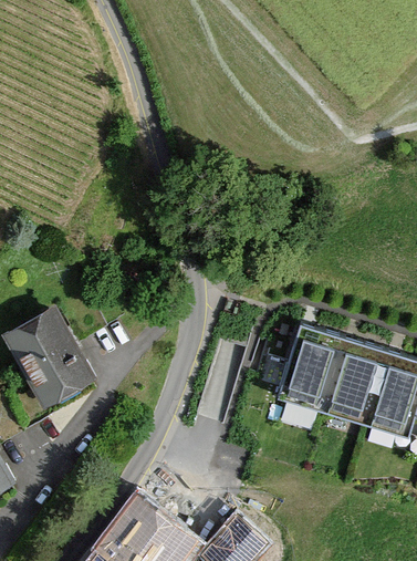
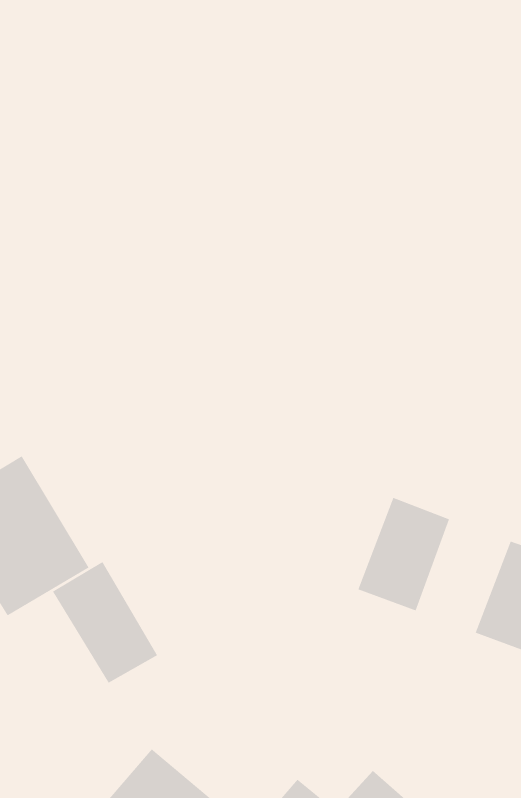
building: [315,345,377,420] -> none
building: none -> [52,561,158,684]

